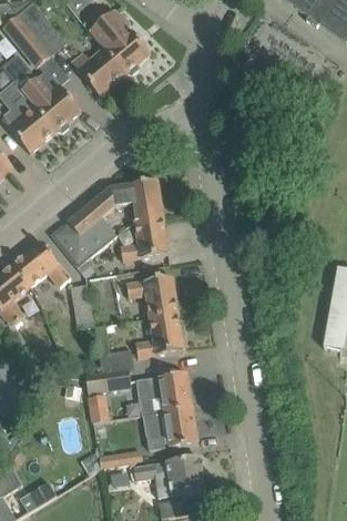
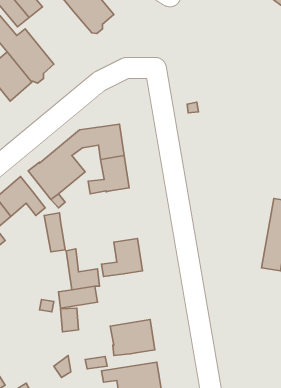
building: [71,49,124,95] -> none
building: [126,276,177,317] -> none
building: [135,371,192,415] -> none

